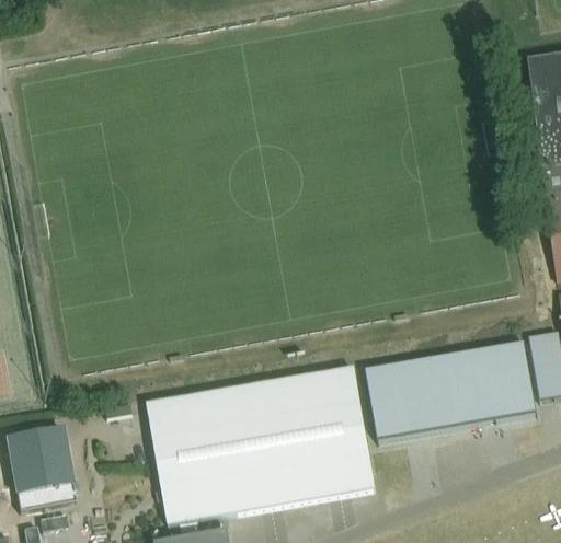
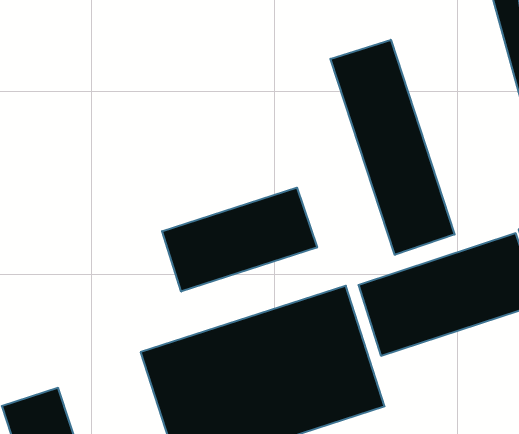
building: none -> [330,40,455,255]
building: none -> [162,188,317,292]

